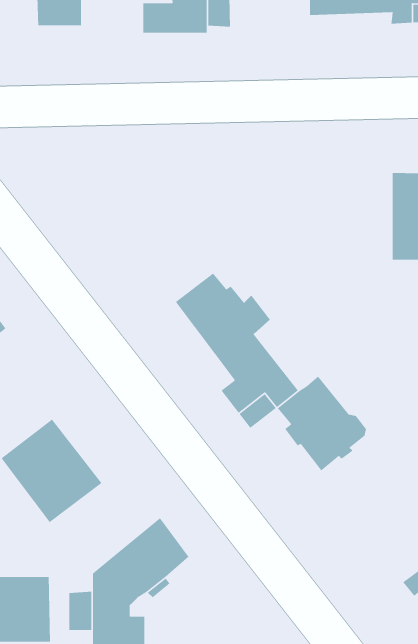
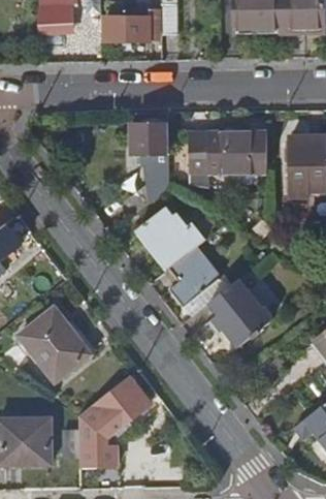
building: none -> [124,117,168,215]
building: none -> [190,132,266,173]

